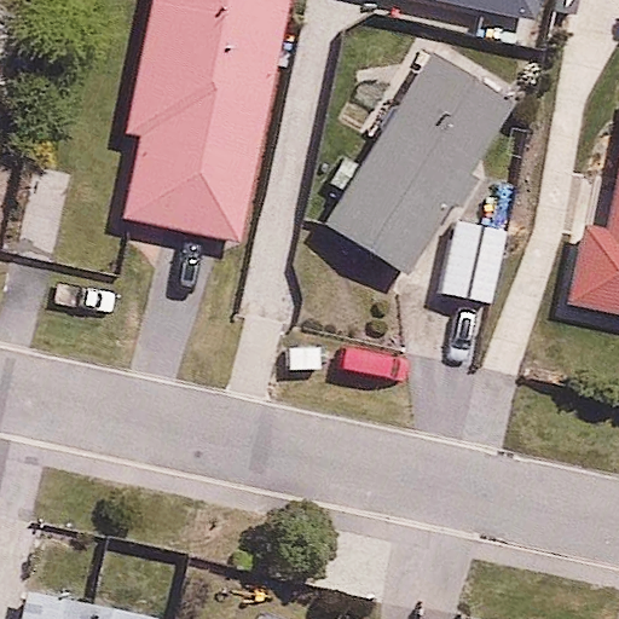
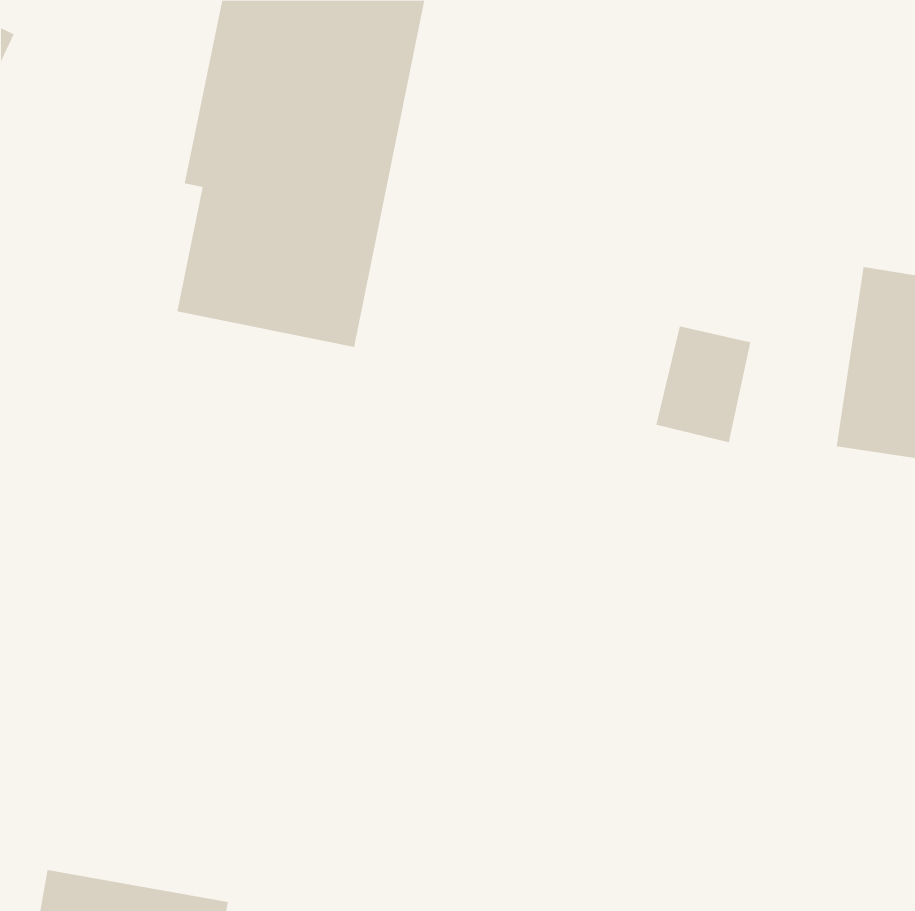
building: [326,44,519,274] -> none

